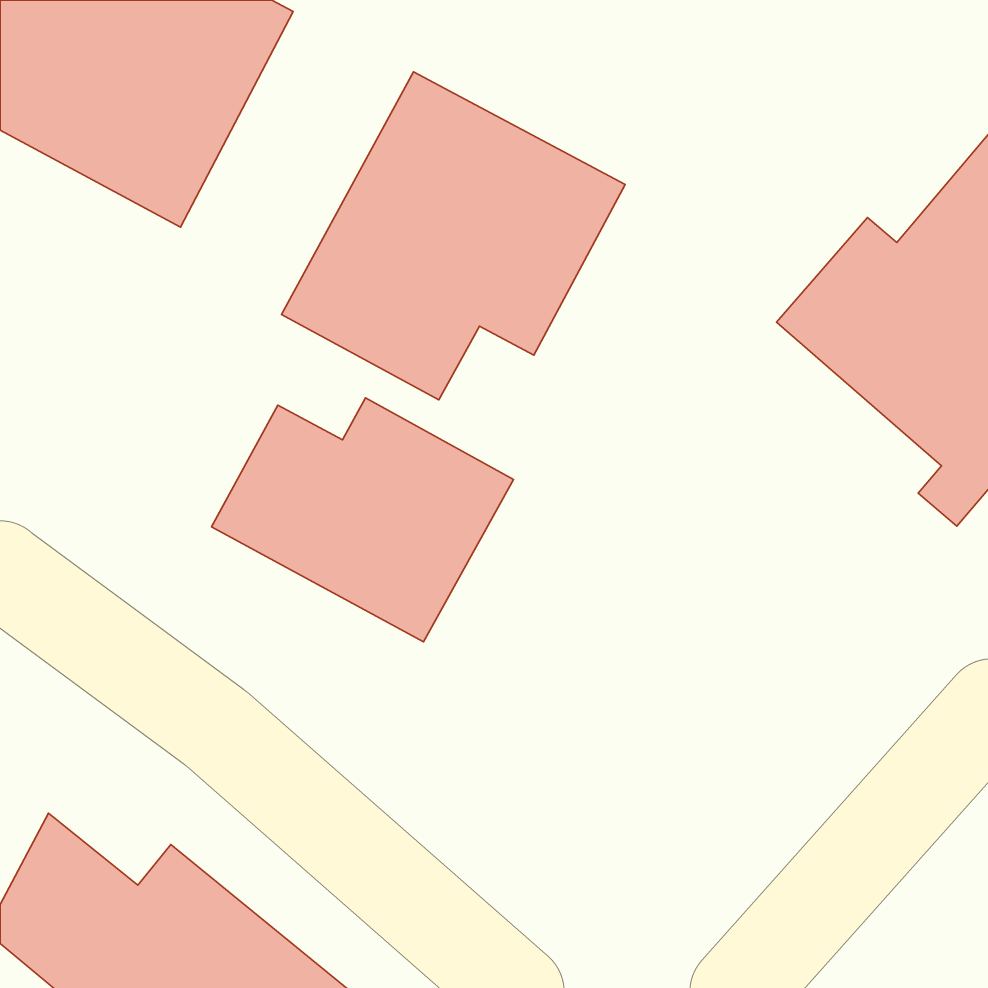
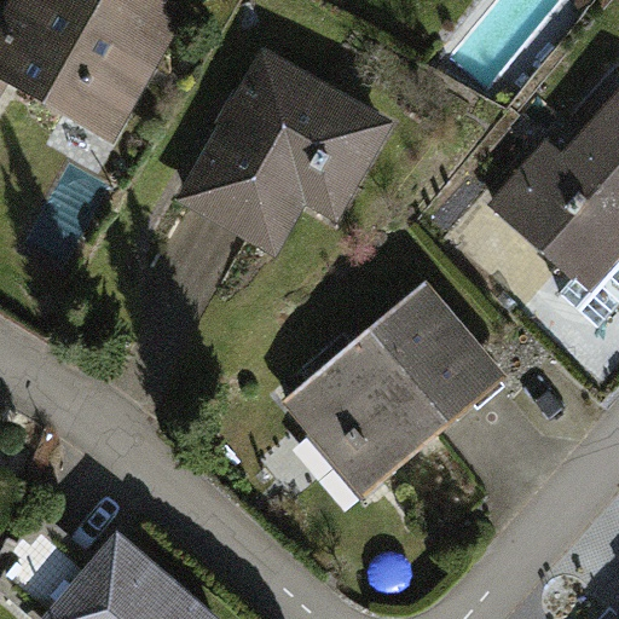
building: [212,398,514,642] -> none
building: none -> [277,283,502,498]

